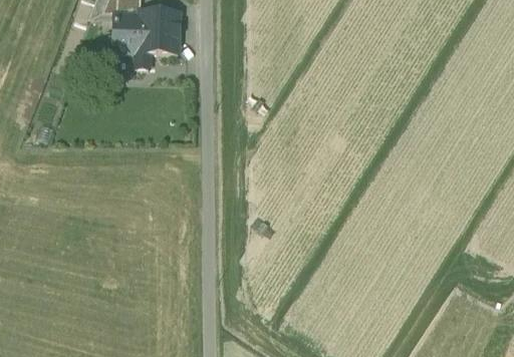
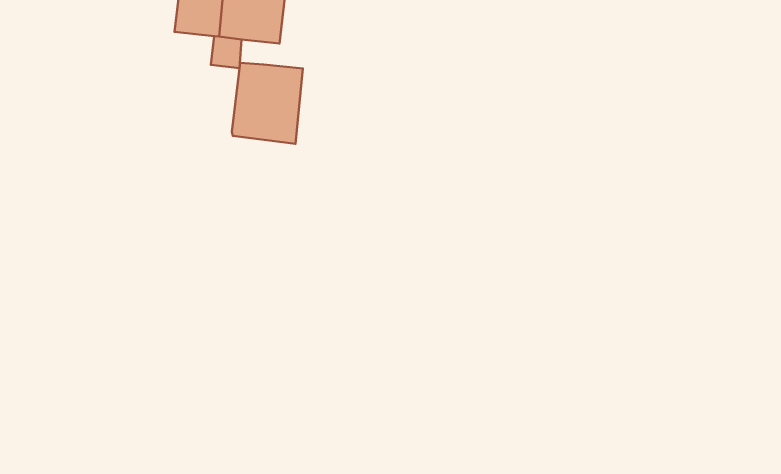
building: none -> [232,63,303,144]

